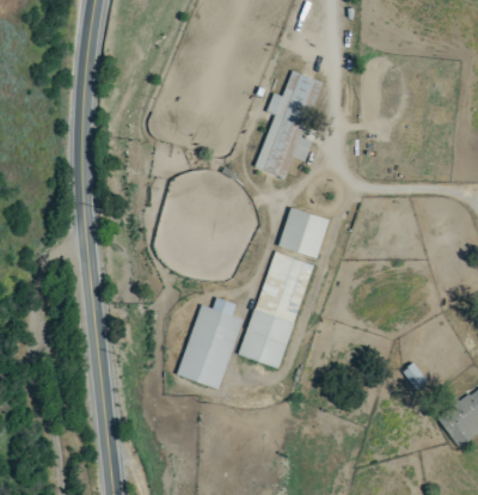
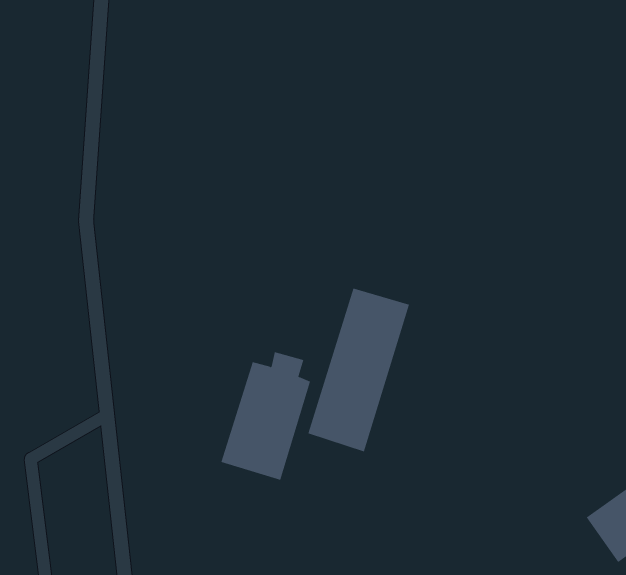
building: [256,69,320,177] -> none
building: [278,206,330,257] -> none

